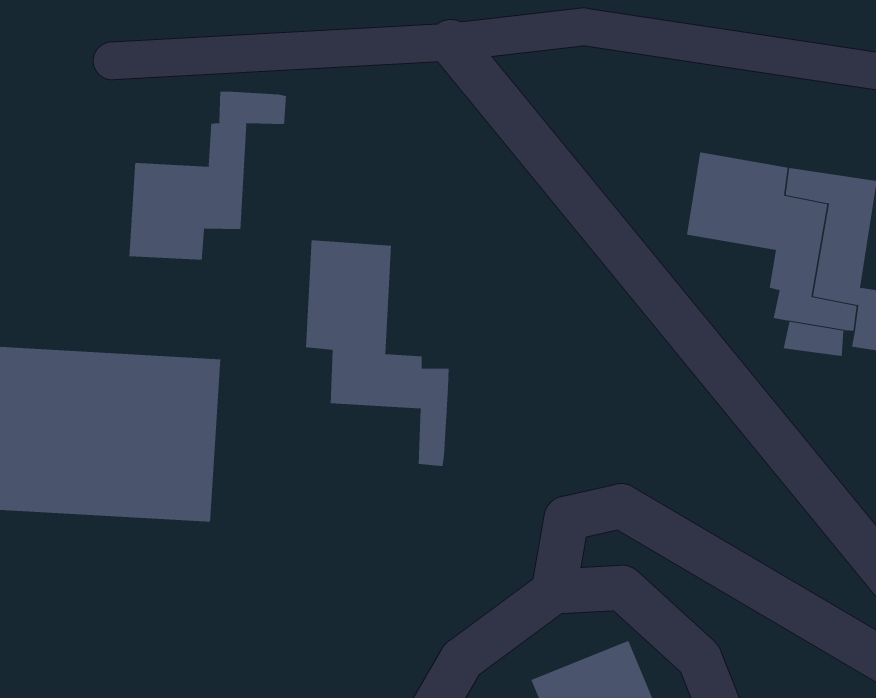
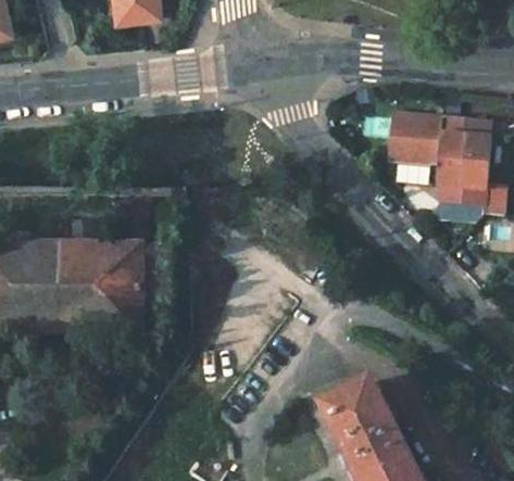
building: [129,91,287,261] -> none
building: [305,239,449,467] -> none

